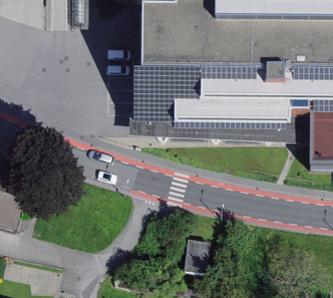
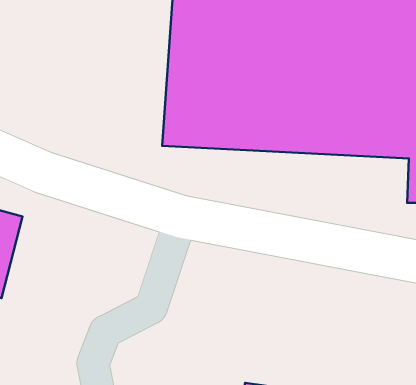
building: [184,235,213,273] -> none

